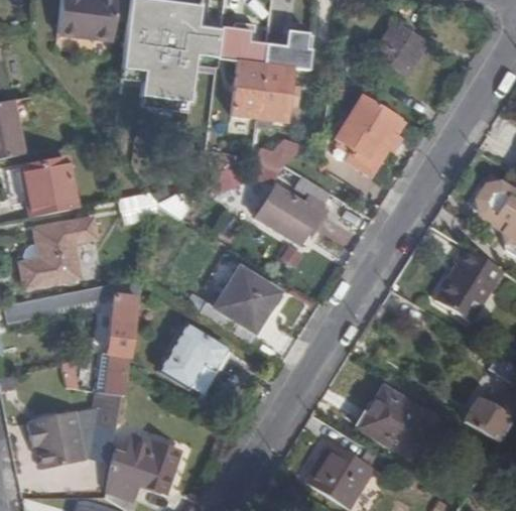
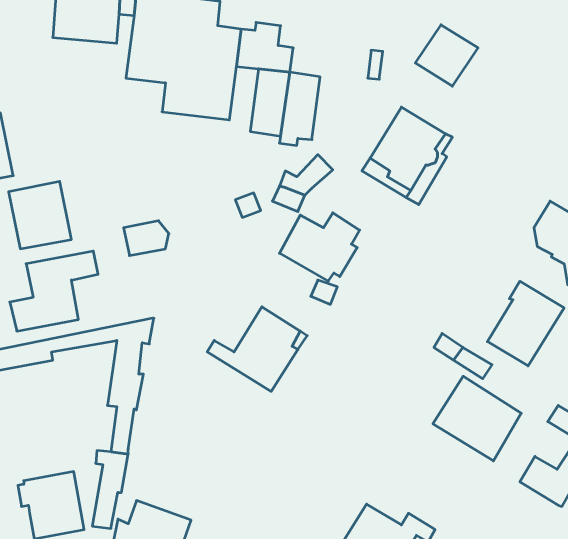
building: [264,31,313,71] -> none
building: [160,324,227,387] -> none
building: [358,384,434,458] -> [433,376,521,461]

